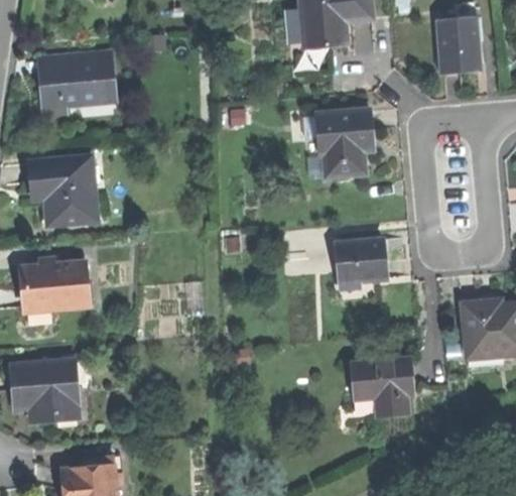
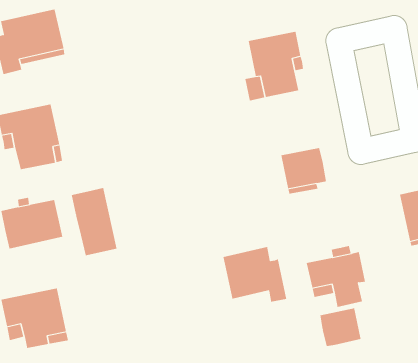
building: none -> [71,187,117,256]
building: none -> [223,246,287,303]
building: none -> [320,308,361,347]

